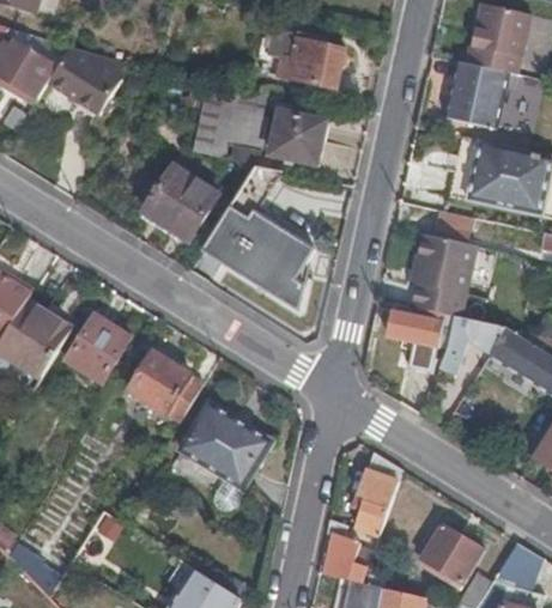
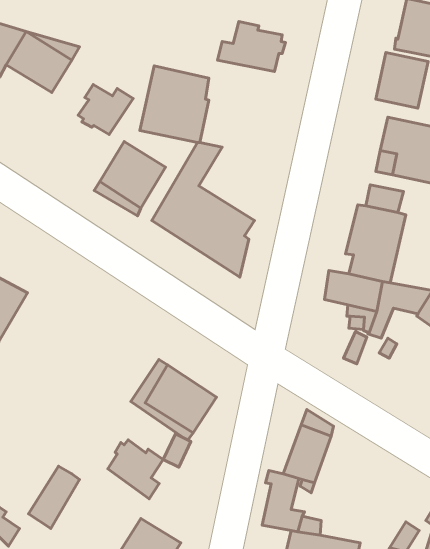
building: none -> [78,84,133,135]
building: [269,111,324,165] -> none
building: [65,312,131,383] -> none
building: [129,352,206,424] -> none
building: none -> [108,440,163,499]
building: [418,524,480,584] -> none

